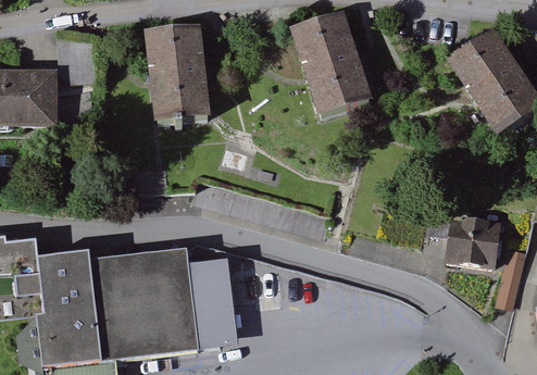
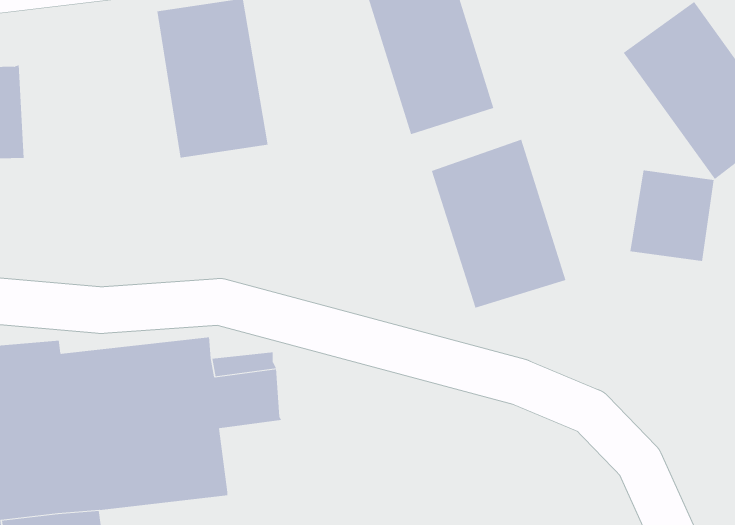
building: none -> [431,139,566,308]
building: [447,215,502,275] -> [629,170,715,262]
building: [188,299,234,346] -> none

